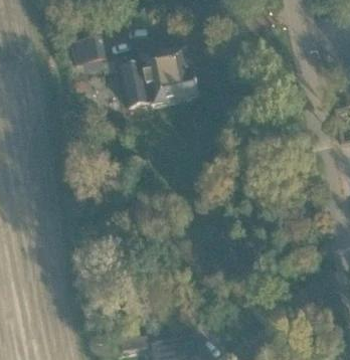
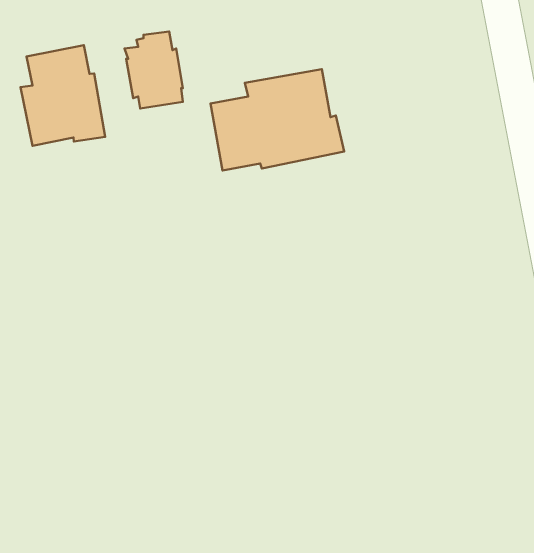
building: none -> [20,45,105,146]

